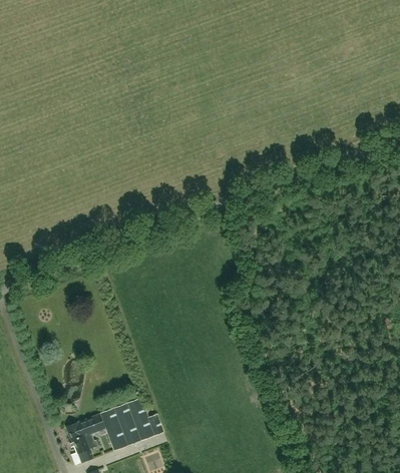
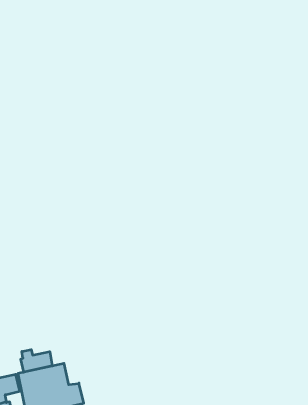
building: none -> [21,350,52,372]

